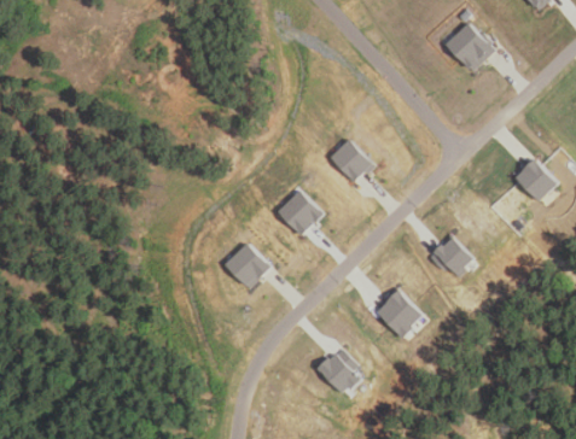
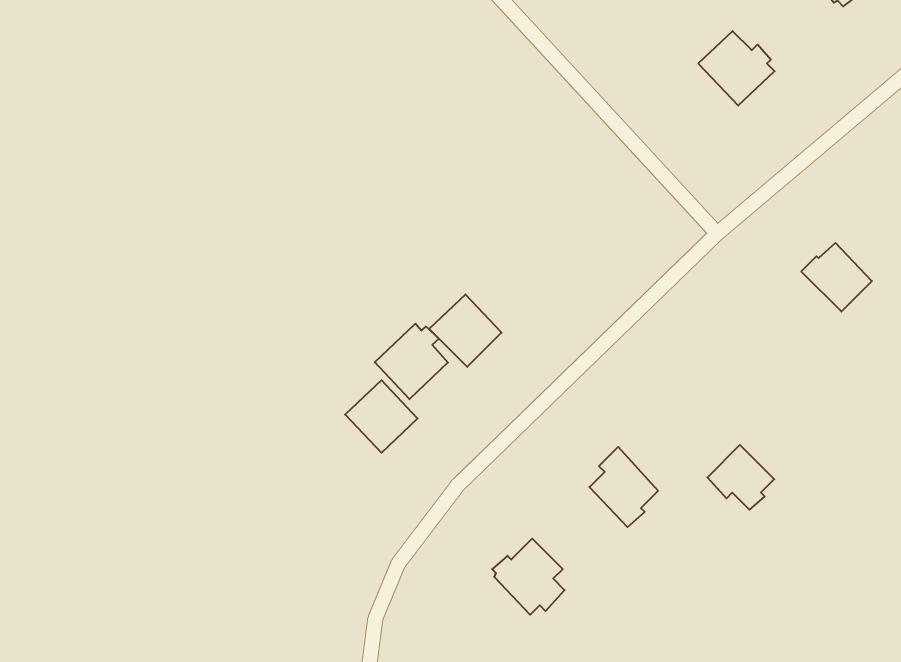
building: [330,141,374,182] -> none
building: none -> [375,324,448,399]
building: [430,236,472,277] -> [707,445,774,510]

